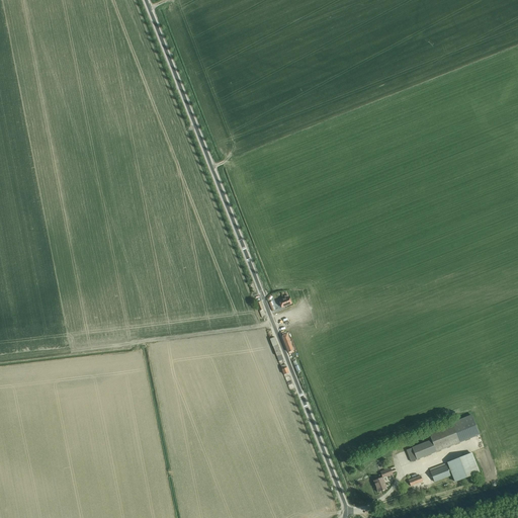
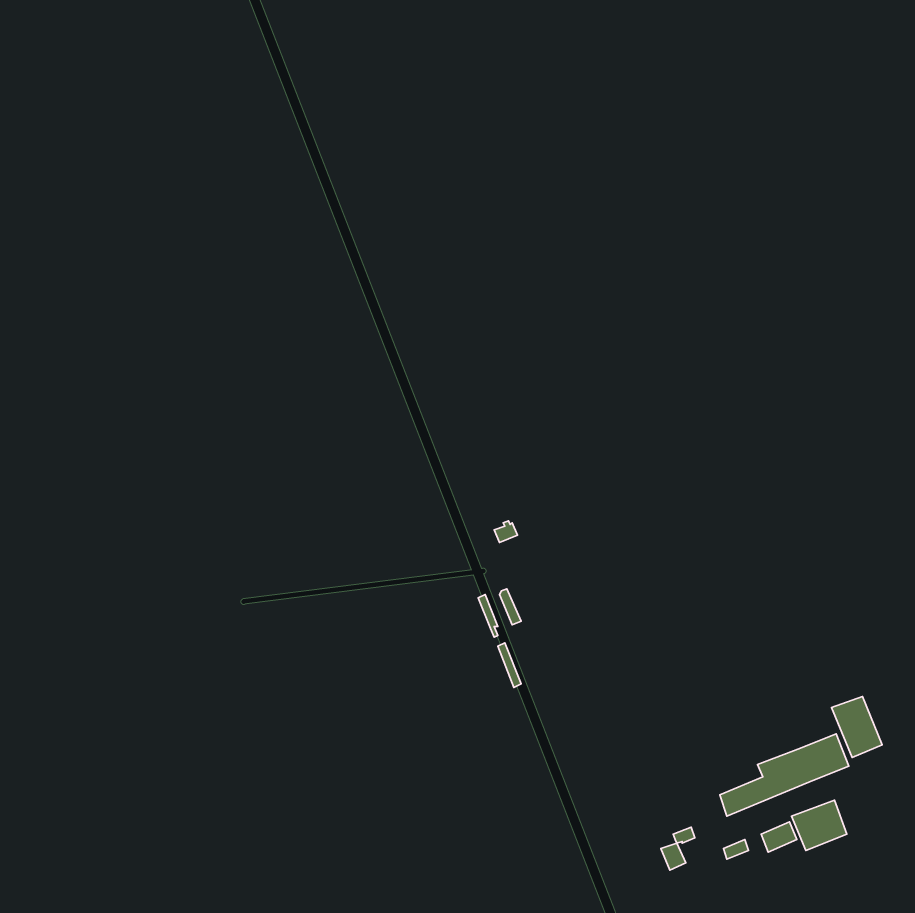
building: none -> [831,696,882,758]

